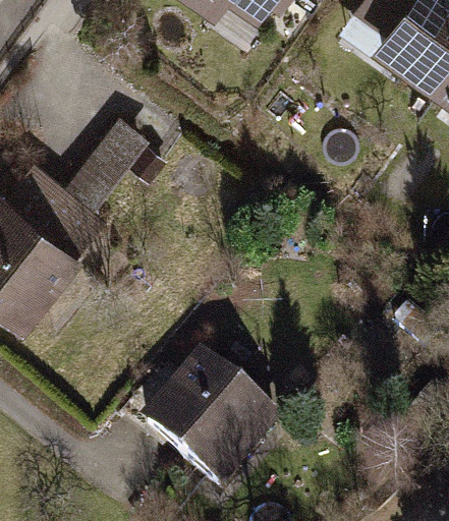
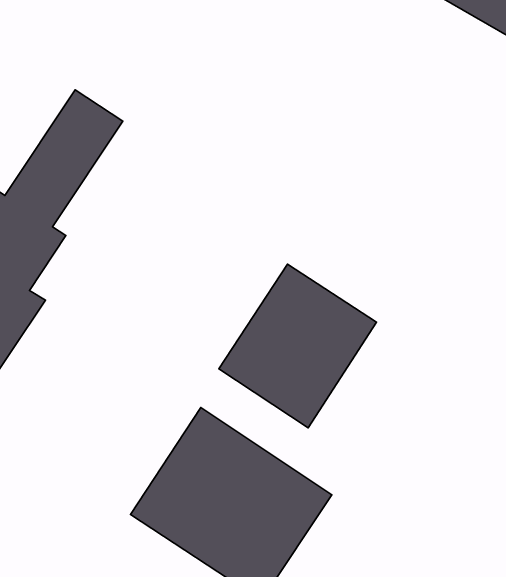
building: none -> [219,264,377,428]

